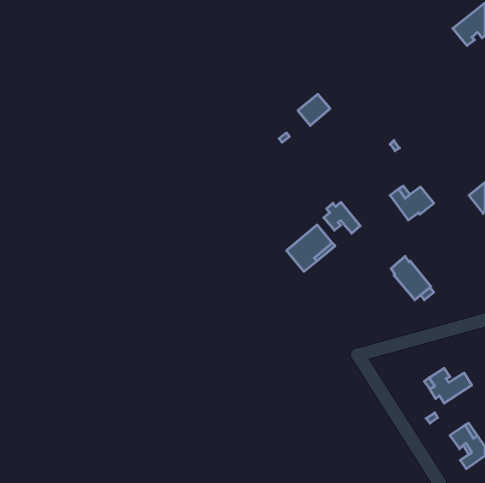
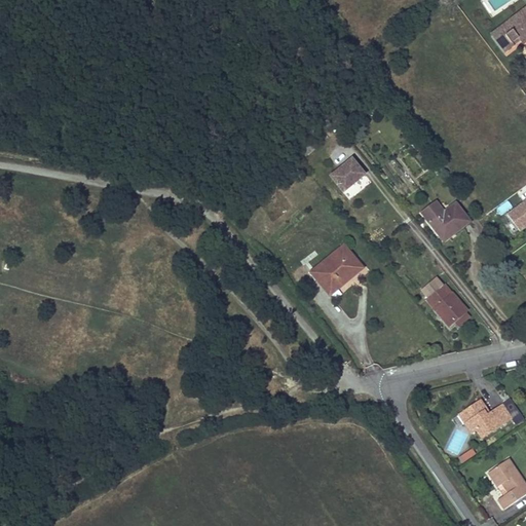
building: [298,94,330,126] -> [331,158,366,192]
building: [324,202,360,233] -> none

